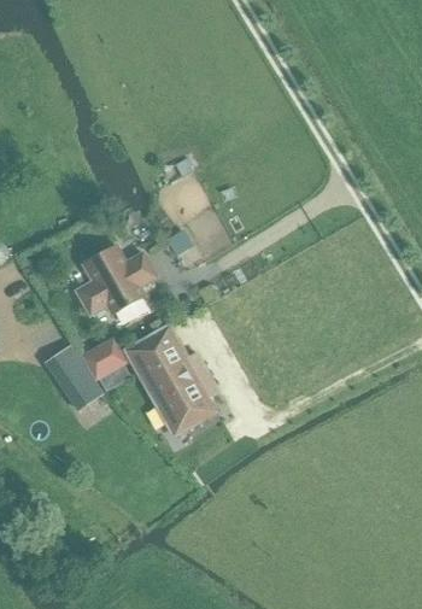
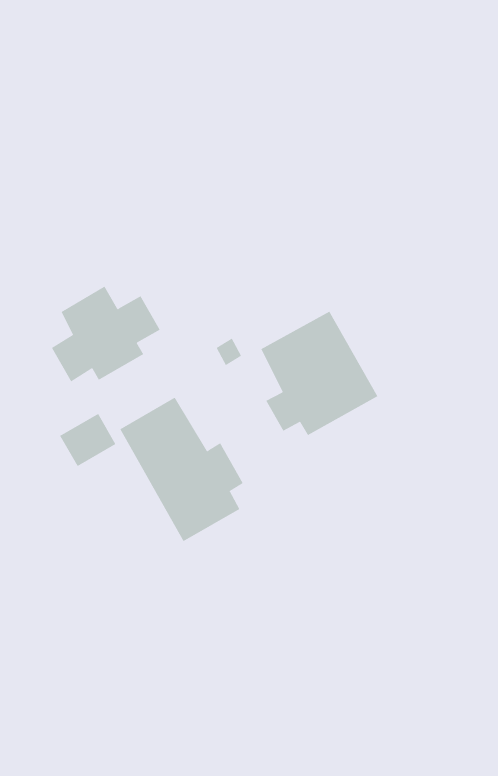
building: none -> [261,311,378,436]
building: [45,345,101,409] -> none

